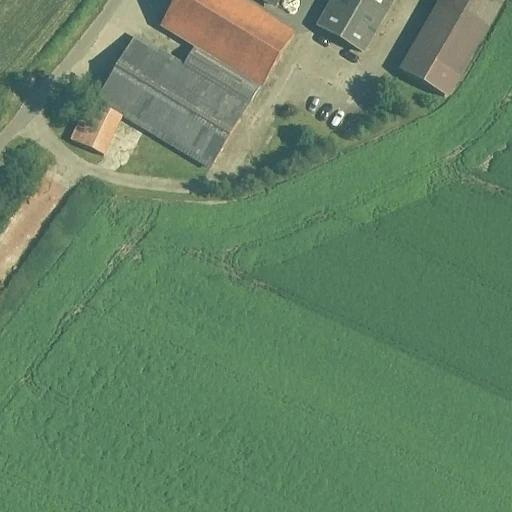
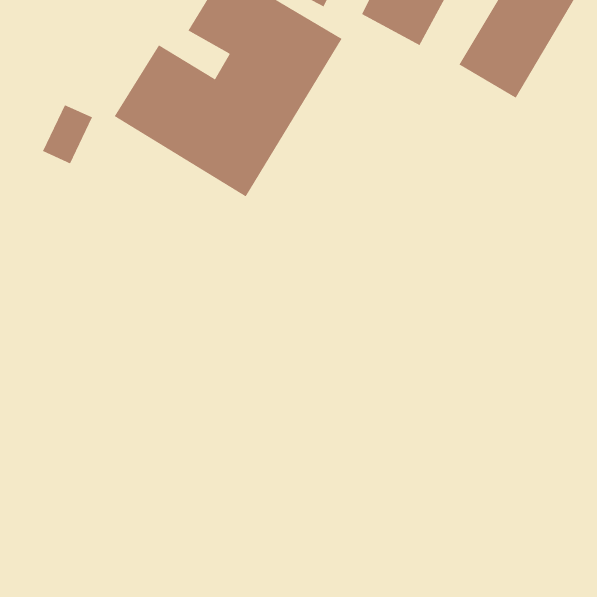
building: [72,101,115,152] -> [42,104,93,164]

